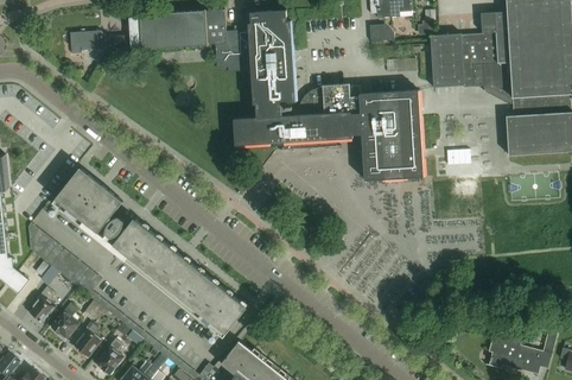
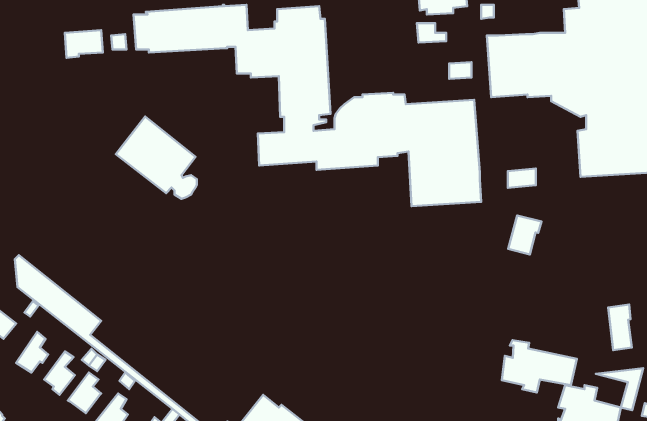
building: [55,167,123,238] -> [116,116,197,199]
building: none -> [508,215,542,254]
building: [116,223,247,338] -> none
building: none -> [608,304,632,350]
building: none -> [502,340,577,392]

